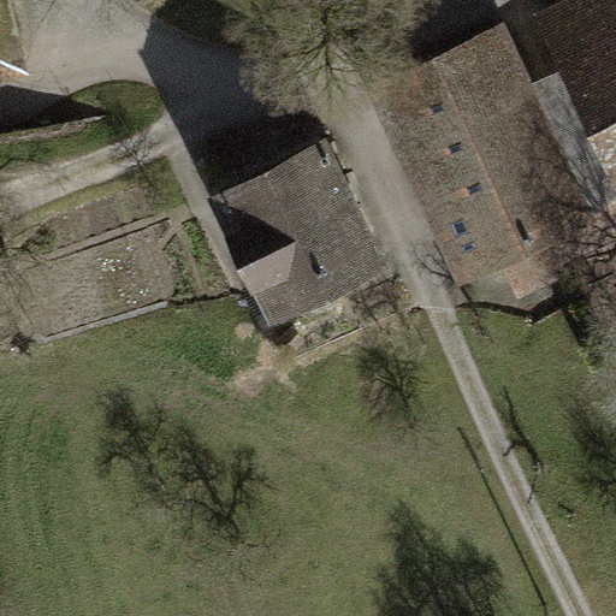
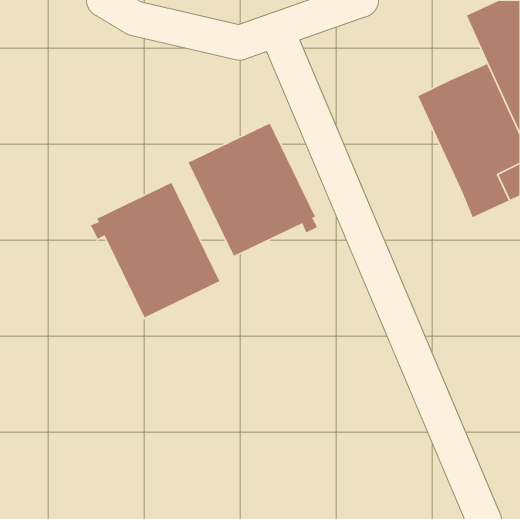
building: [380,32,545,267] -> none
building: none -> [90,182,220,318]

